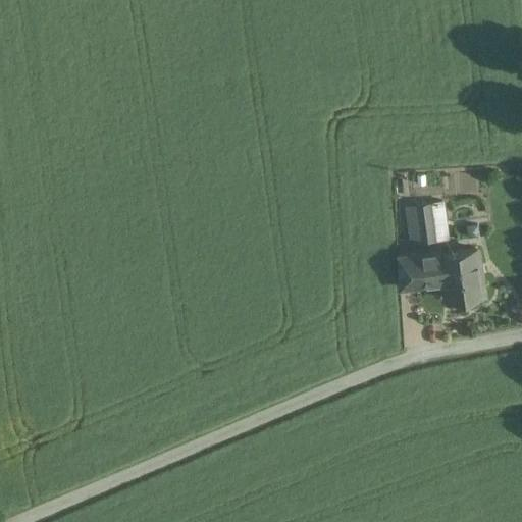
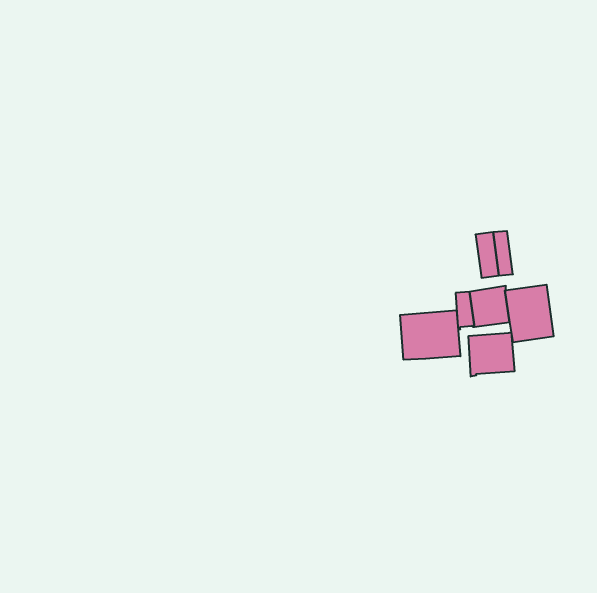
building: none -> [400,310,460,360]
building: none -> [469,332,514,377]

